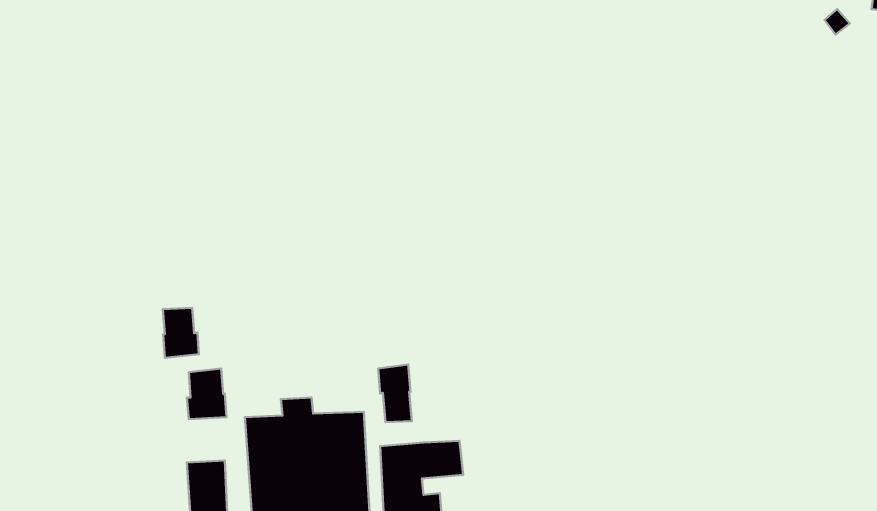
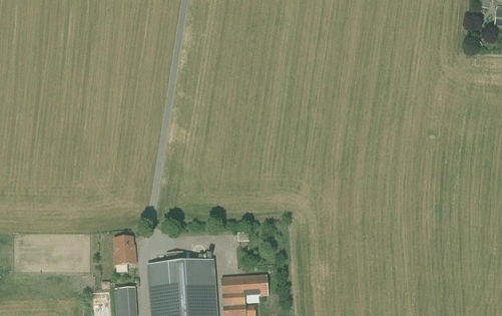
building: [163,308,199,358] -> none
building: [378,365,412,422] -> none

